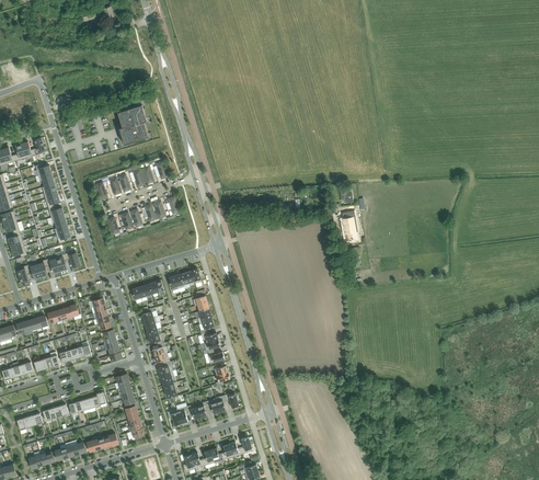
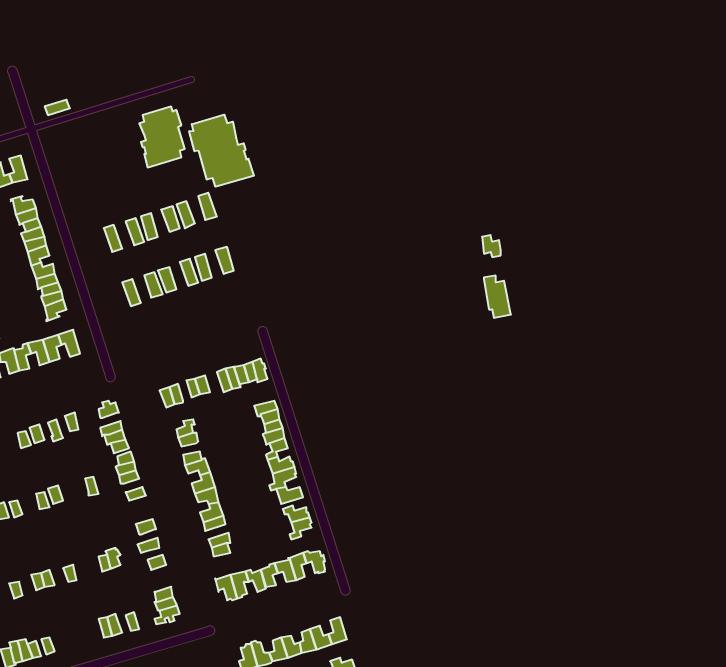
building: none -> [189,115,254,187]

